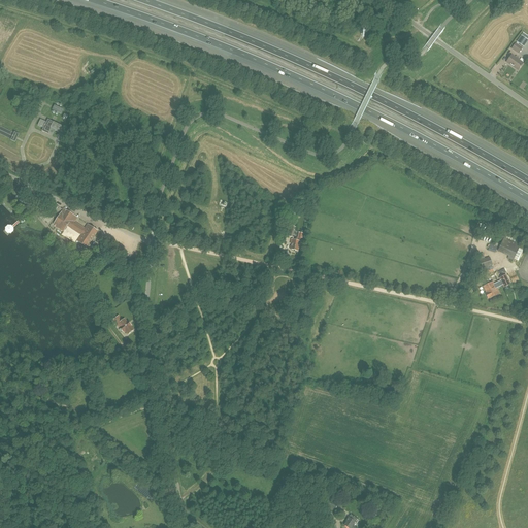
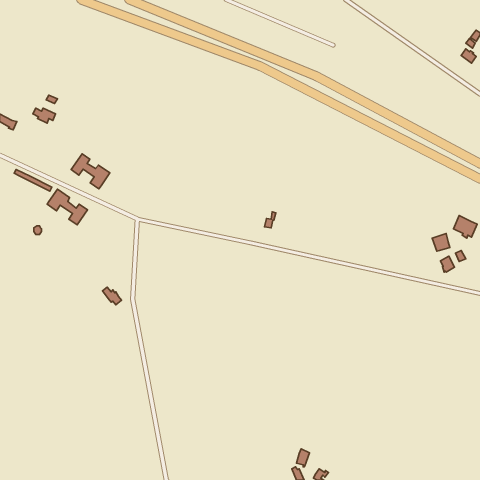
building: none -> [71,154,110,189]

